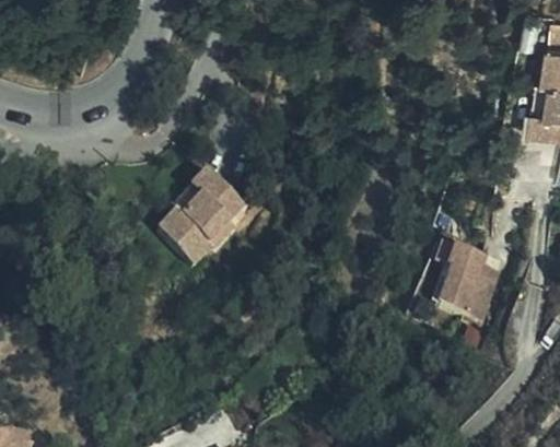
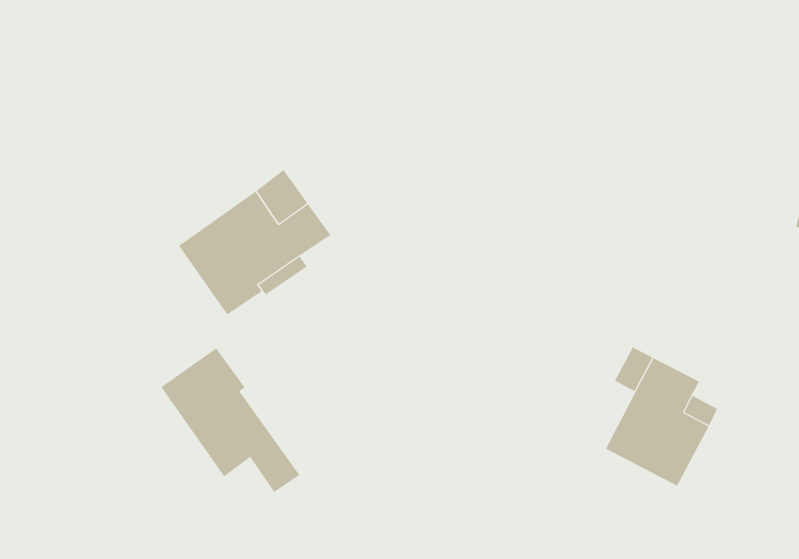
building: none -> [160,347,300,493]

